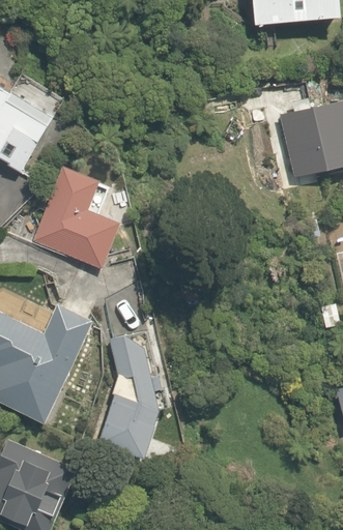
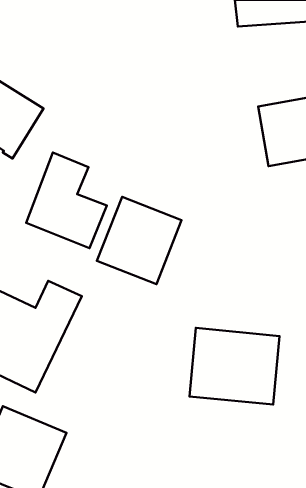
building: none -> [97,197,182,284]
building: [95,332,158,457] -> none
building: none -> [189,328,280,405]

